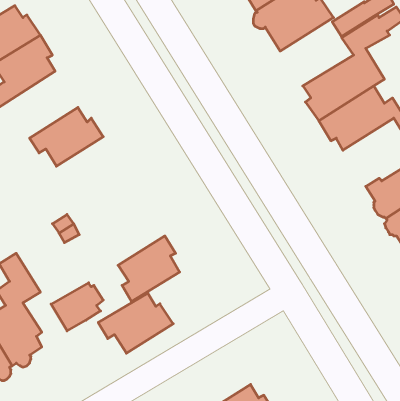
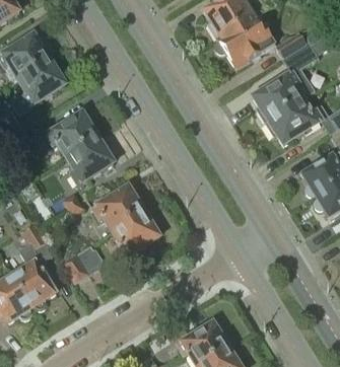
building: none -> [66,134,114,185]
building: [98,293,173,353] -> [91,186,148,231]

